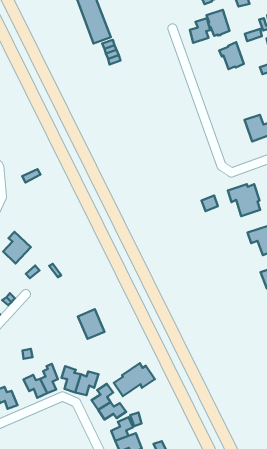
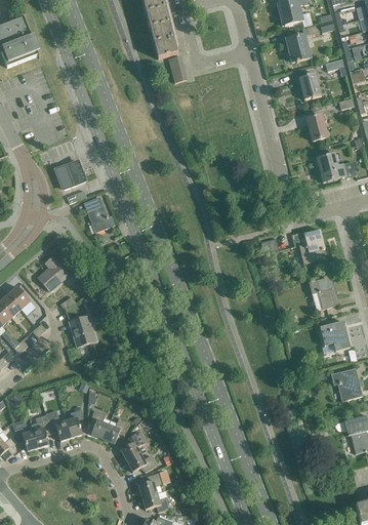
building: [190,18,210,43] -> none
building: none -> [306,113,327,140]
building: none -> [56,160,85,189]
building: none -> [84,197,115,230]
building: [78,309,104,339] -> [69,315,96,347]
building: [114,363,155,396] -> none
building: none -> [31,414,52,447]

